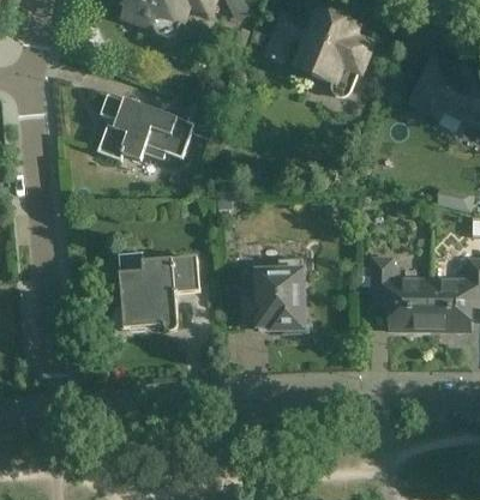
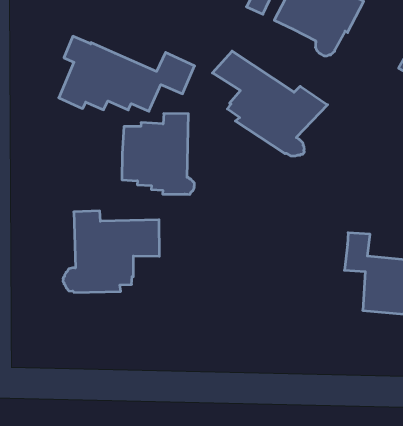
building: none -> [212,51,328,156]
building: [244,258,312,333] -> [122,114,194,194]

